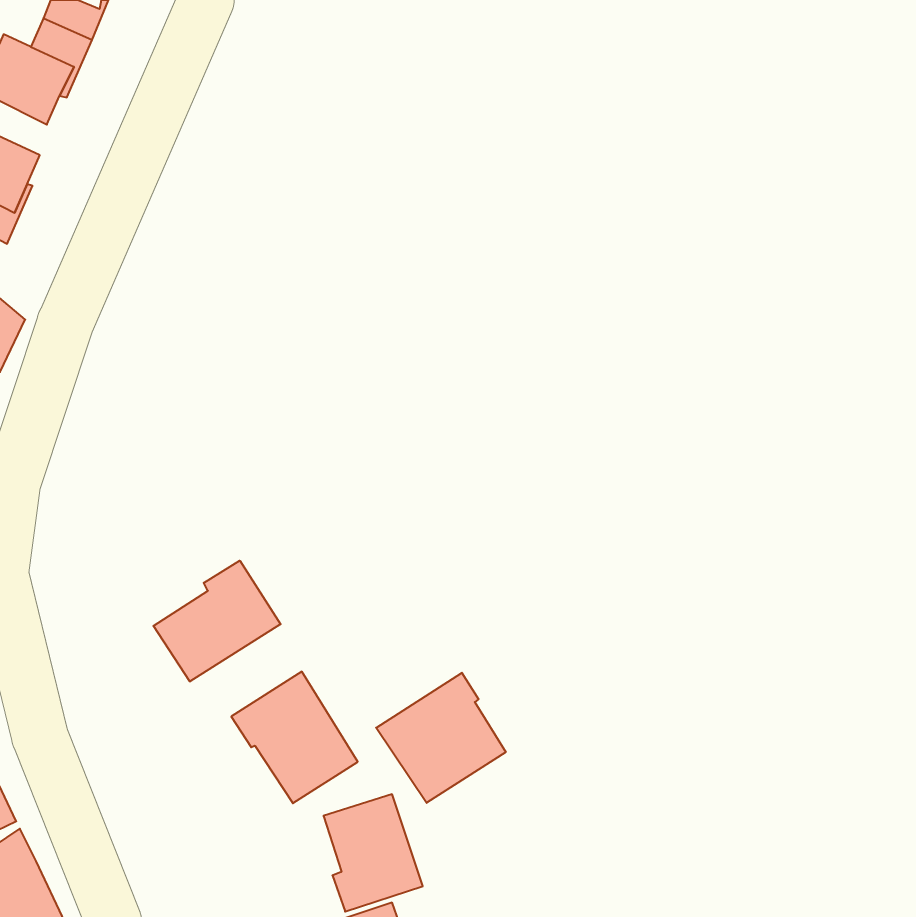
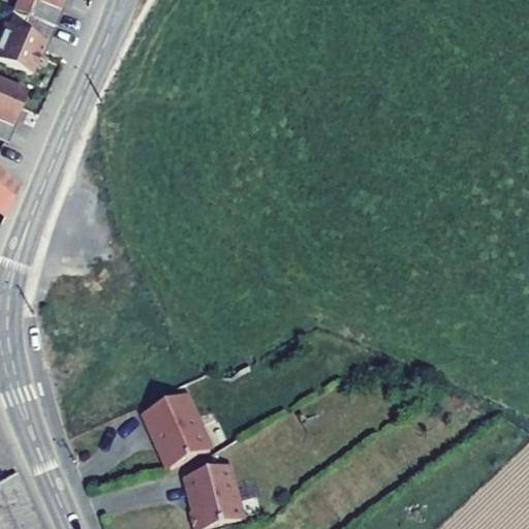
building: [153,561,281,682] -> none
building: [376,673,506,803] -> none

